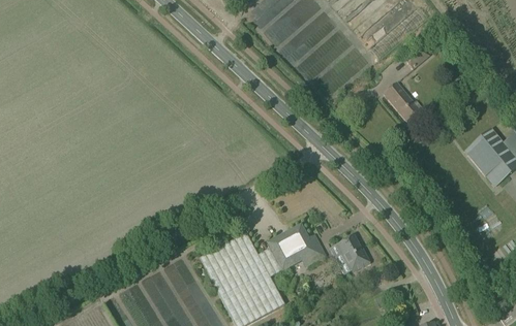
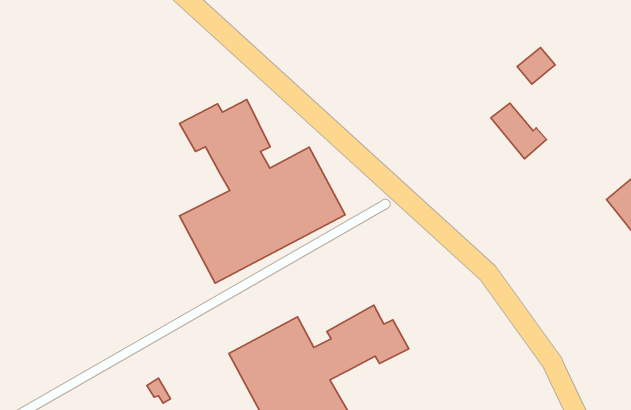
building: none -> [179,99,345,283]
building: [338,234,370,273] -> none

